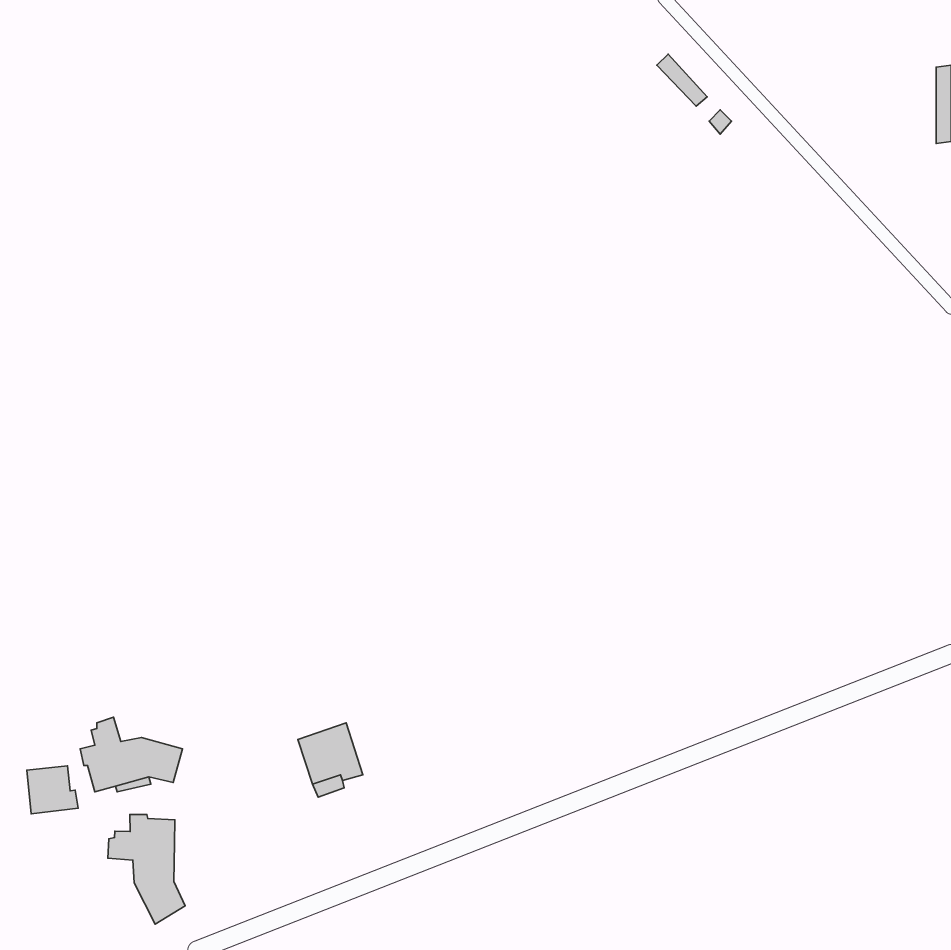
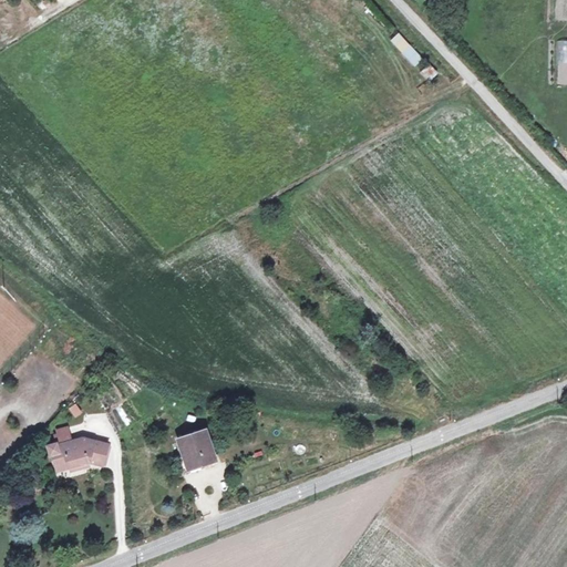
building: [27,766,78,814] -> none
building: [108,814,185,924] -> none

